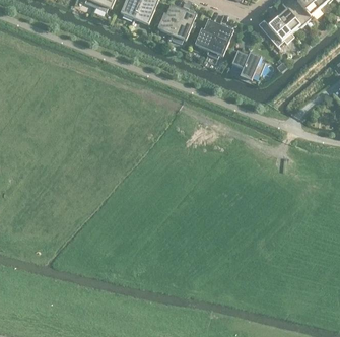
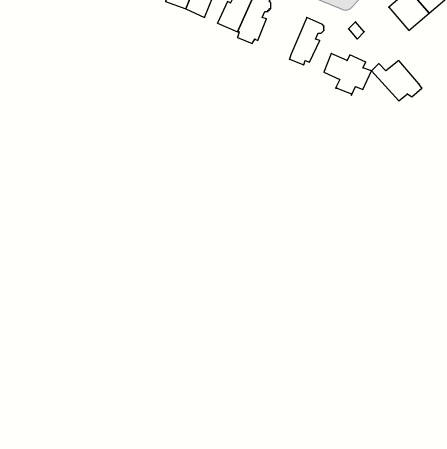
building: [257,17,292,46] -> [371,61,422,101]
building: [193,19,218,51] -> none

